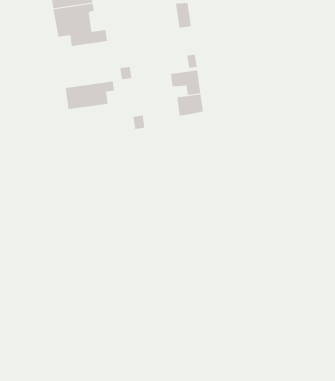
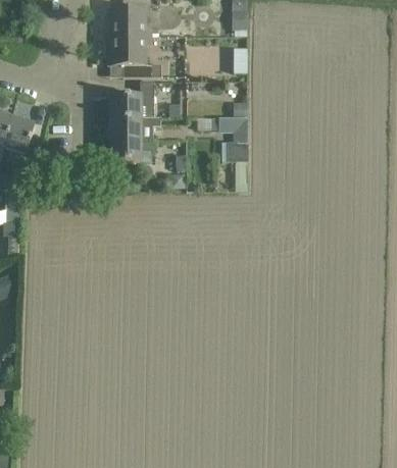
building: none -> [110,81,152,115]
building: none -> [110,138,152,160]

